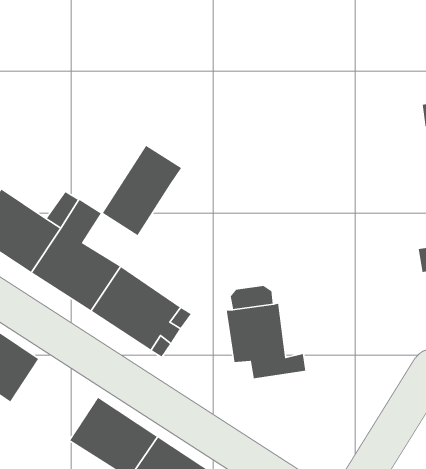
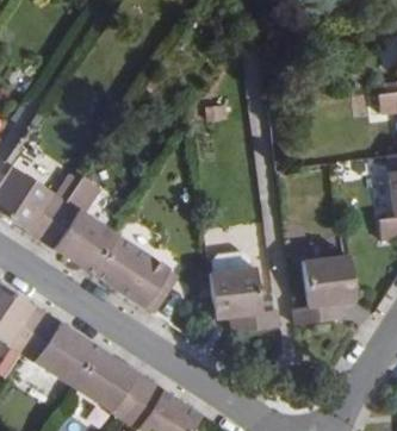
building: [102,145,182,236] -> none
building: none -> [292,254,353,324]
building: none -> [21,314,98,386]

